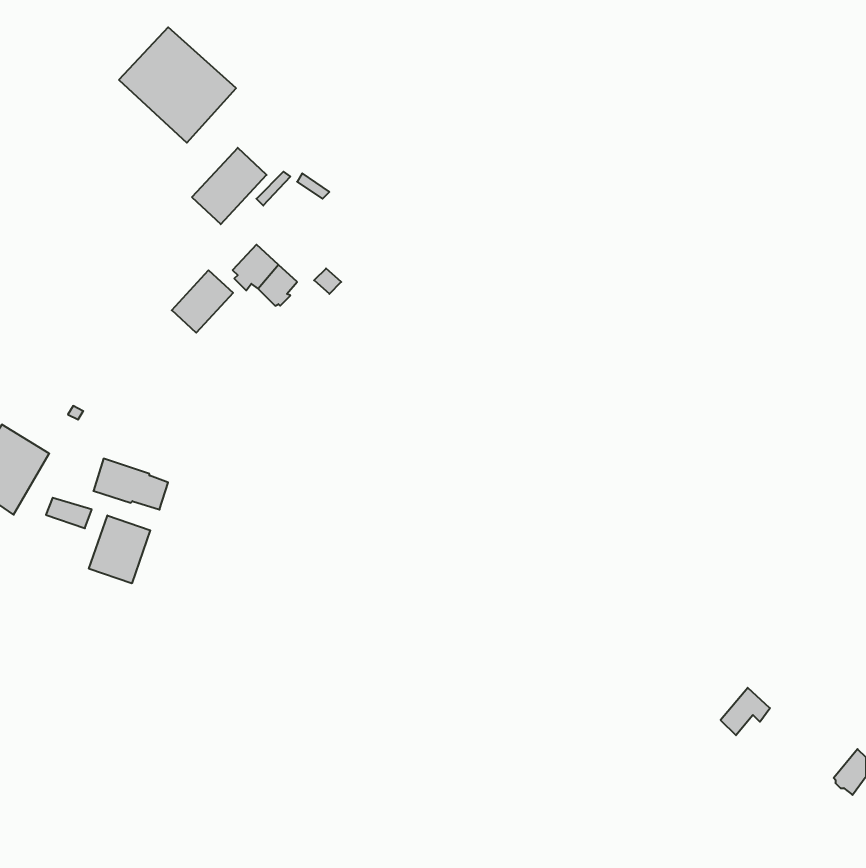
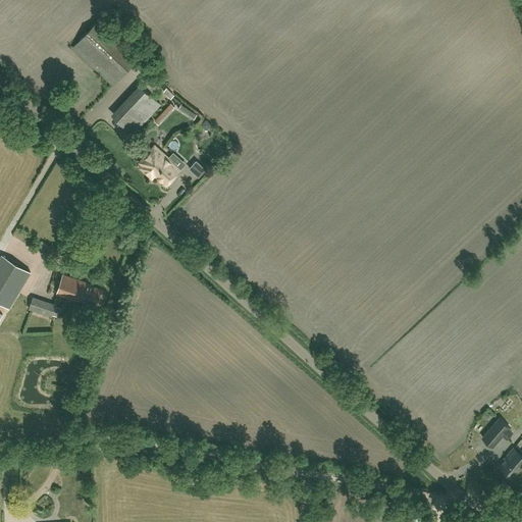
building: [172,270,233,333] -> none
building: [89,515,150,583] -> none
building: [721,688,770,735] -> [482,418,512,447]

